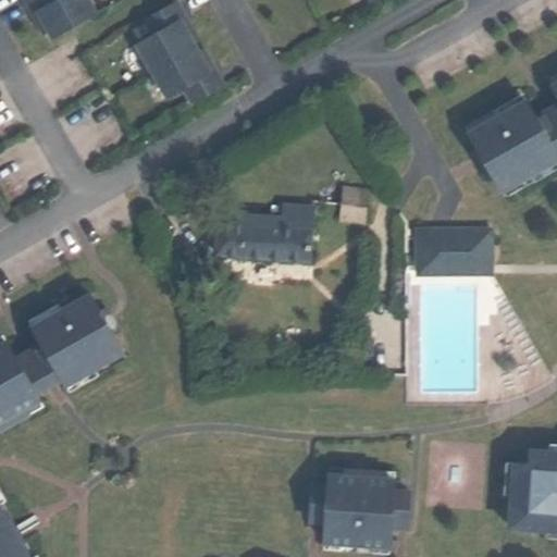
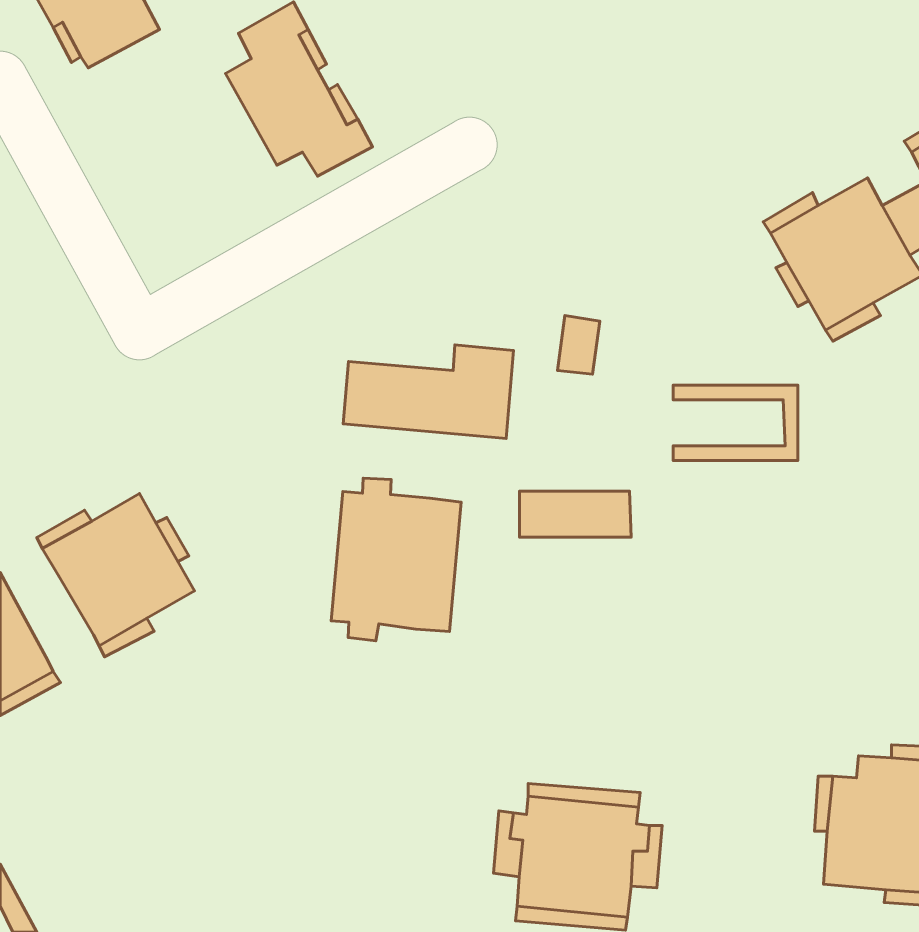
building: [410,237,476,264] -> [519,491,631,537]
building: none -> [331,478,461,641]
building: [20,342,66,392] -> none

